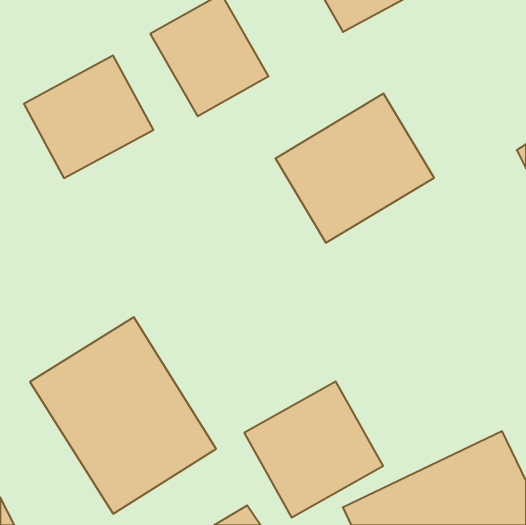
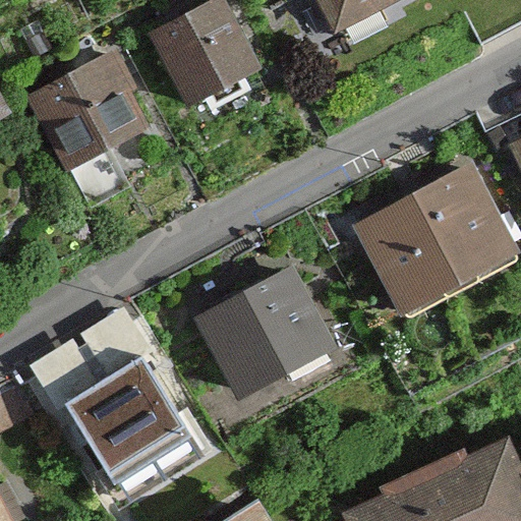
building: [275,94,434,243] -> [359,167,516,314]
building: [244,381,383,517] -> [198,269,336,403]

